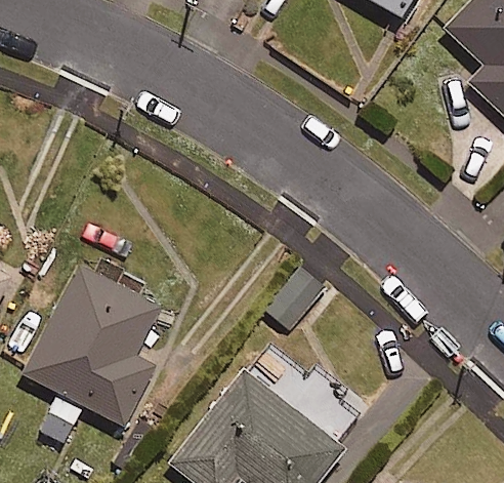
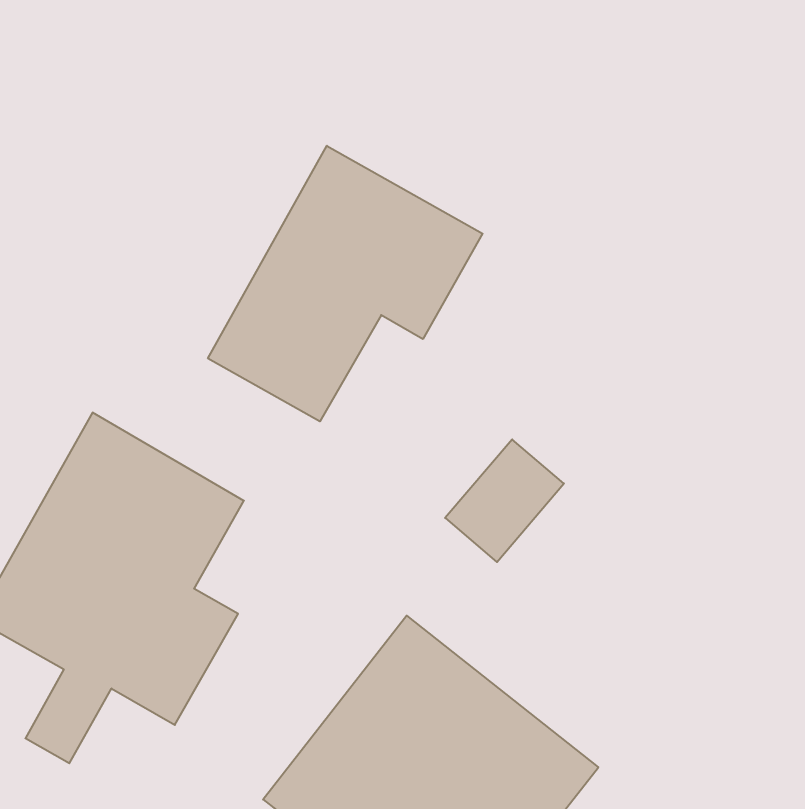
building: none -> [208,146,483,421]

